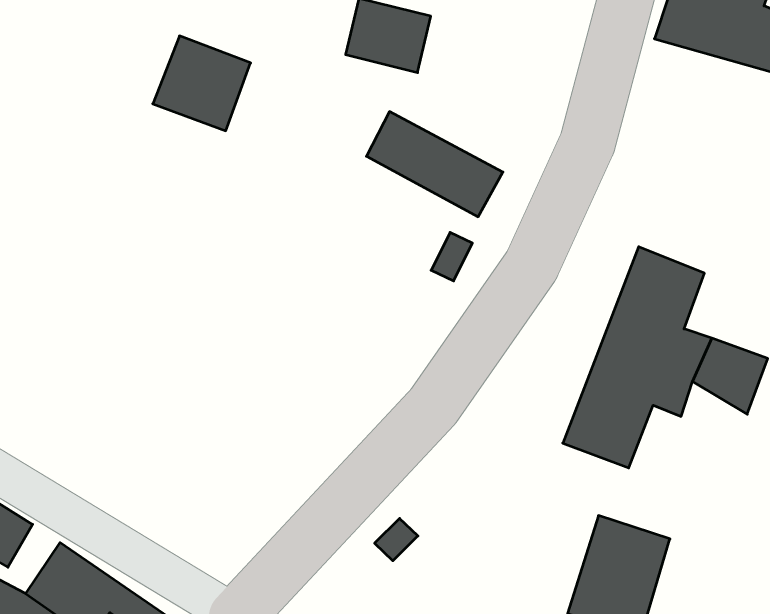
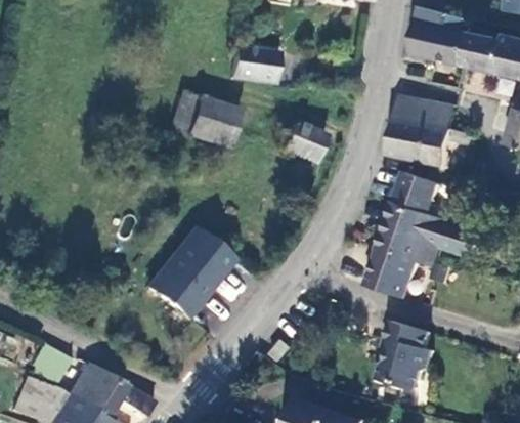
building: [153,36,251,131] -> [182,96,236,149]
building: none -> [385,95,453,165]
building: none -> [148,228,235,318]

